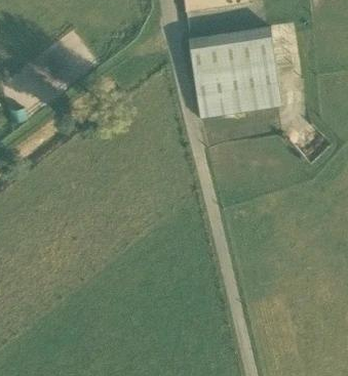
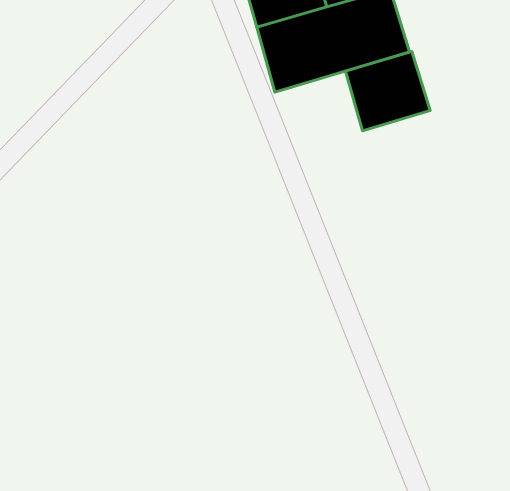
building: none -> [345,51,430,131]

